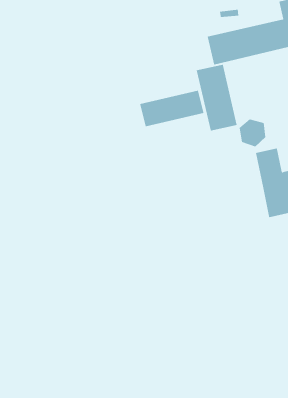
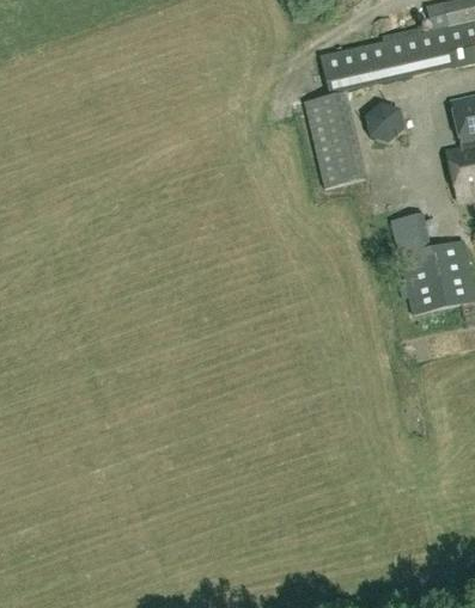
building: [140,90,204,127] -> none
building: [239,119,266,147] -> [365,100,404,141]

